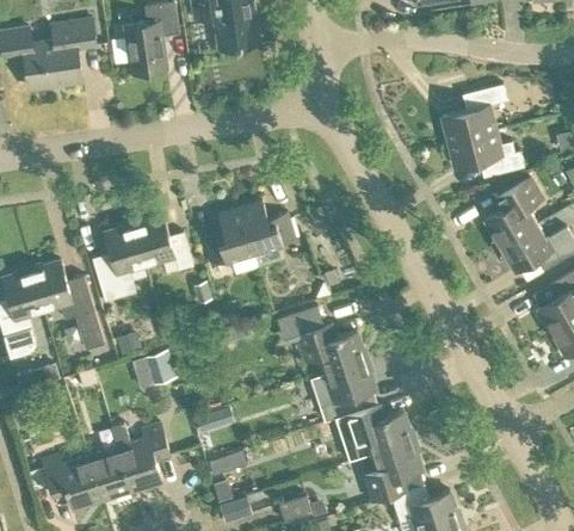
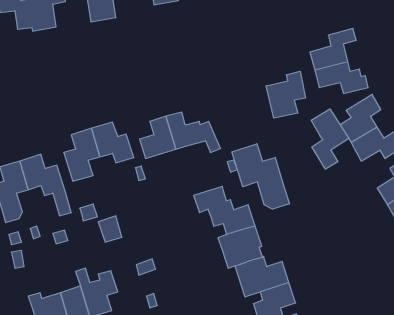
building: none -> [266,71,305,118]
building: none -> [311,109,349,169]
building: none -> [232,144,289,209]

